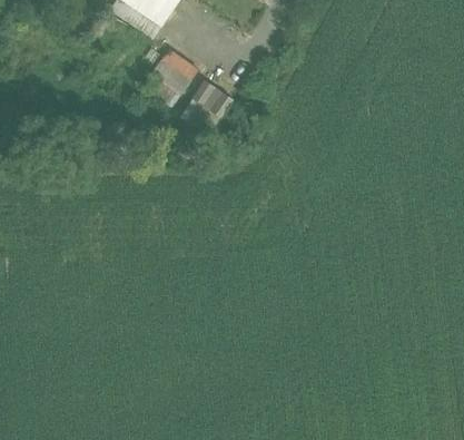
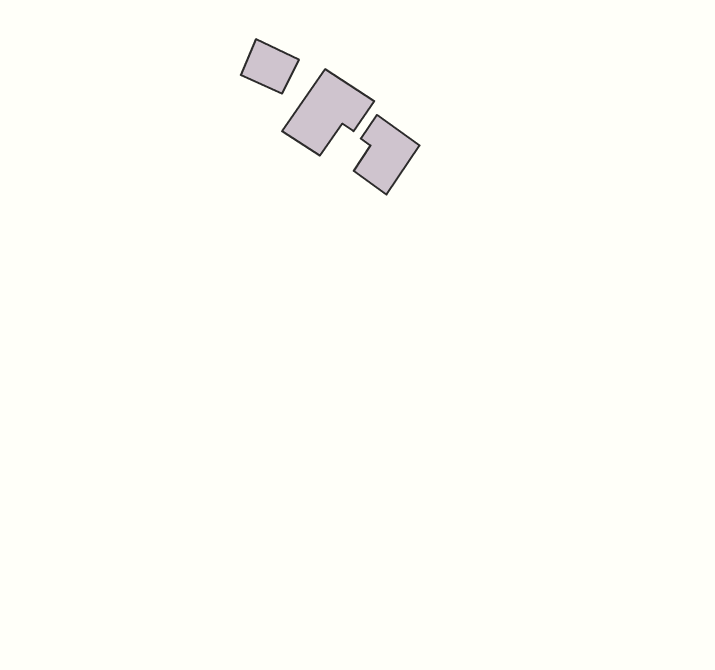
building: none -> [354,115,420,195]

